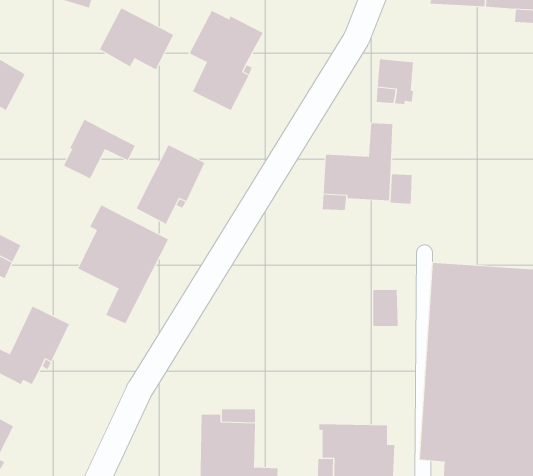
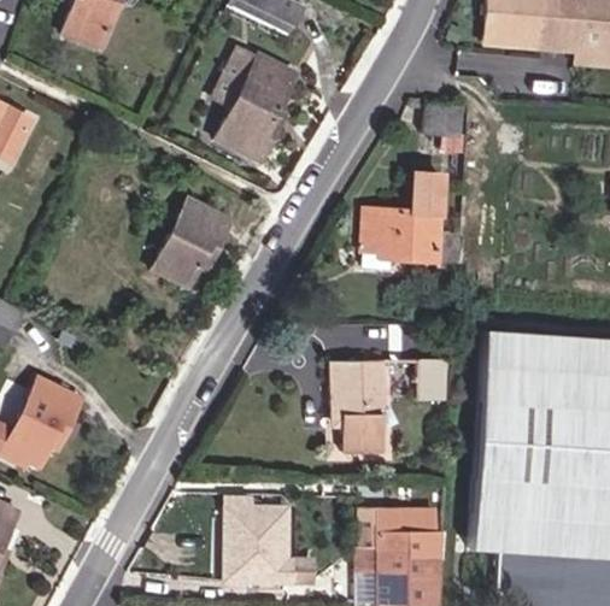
building: [99,7,174,70] -> none
building: [63,119,136,179] -> none
building: [78,205,169,324] -> none
building: none -> [330,360,383,453]

